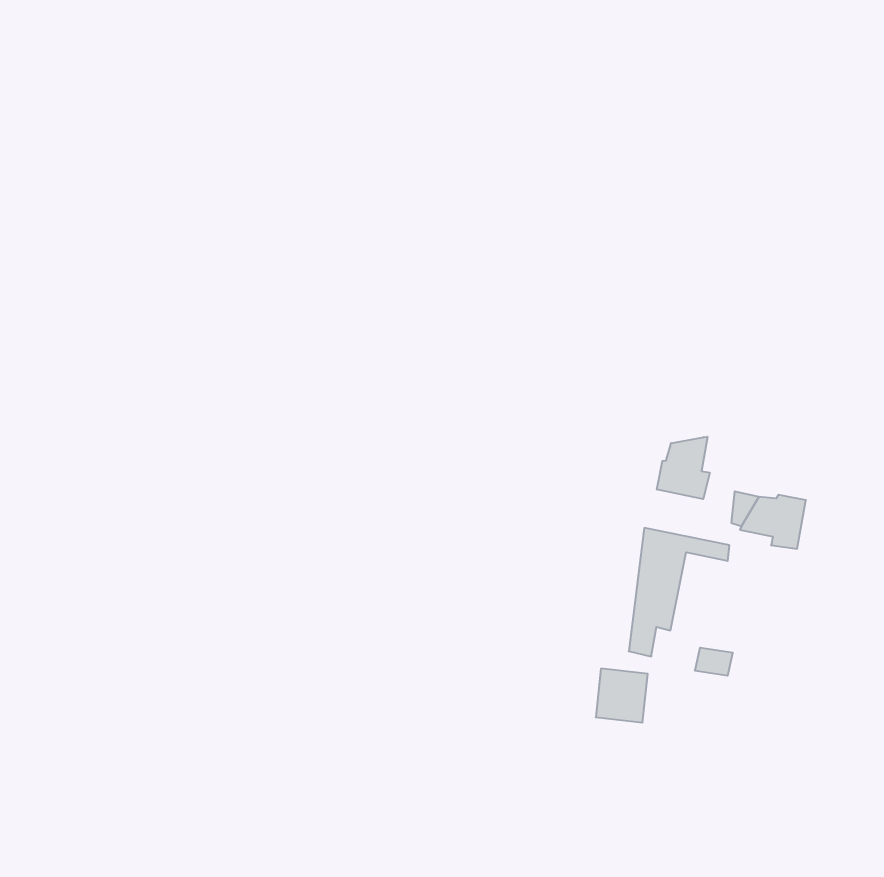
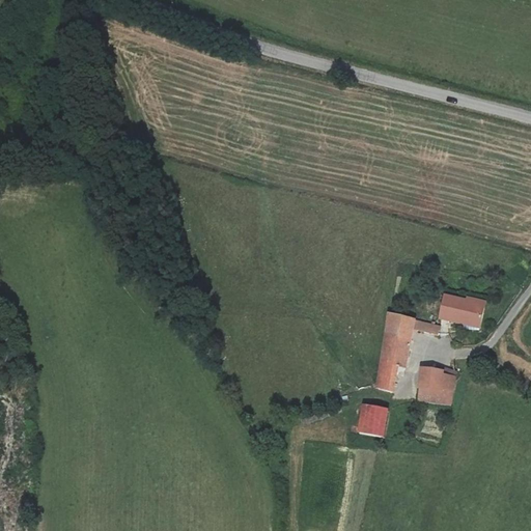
building: [657,437,710,499] -> none
building: none -> [420,368,458,393]

